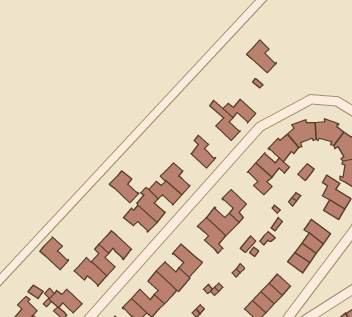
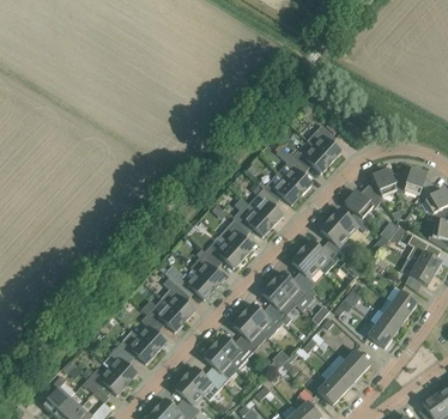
building: [247,40,276,73] -> [305,123,340,162]
building: none -> [262,171,301,205]
building: none -> [234,202,272,236]
building: [109,171,139,203] -> [161,283,195,320]
building: none -> [301,239,339,272]
building: none -> [242,303,281,338]
building: [40,237,68,270] -> [103,345,137,383]

